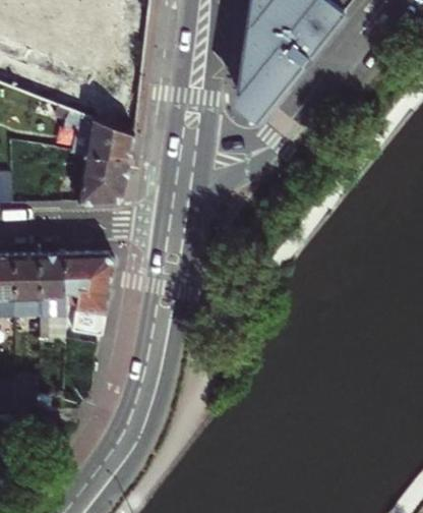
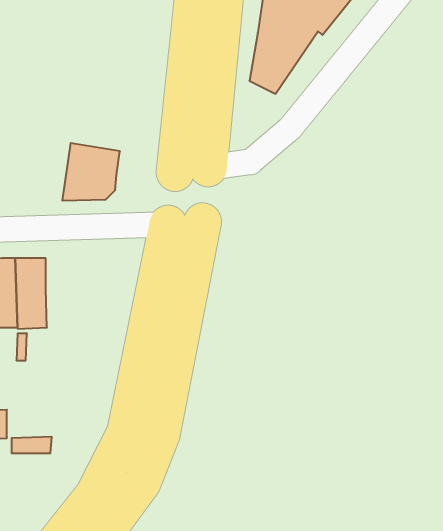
building: [54,106,131,163] -> none
building: [63,253,113,338] -> none

